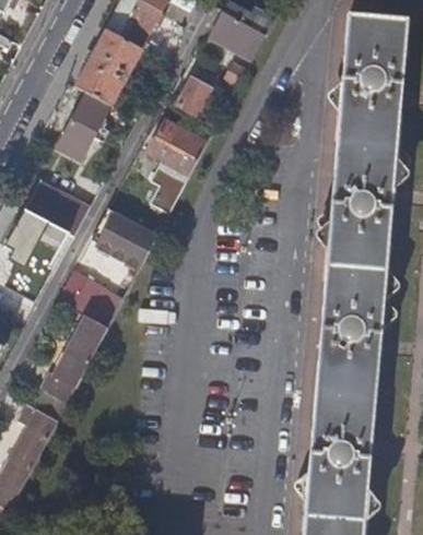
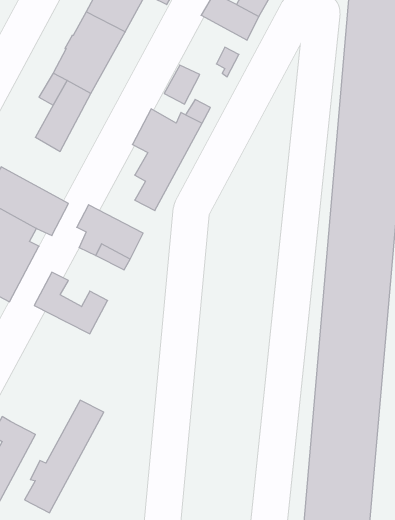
building: [35,316,108,419] -> [25,400,104,513]

